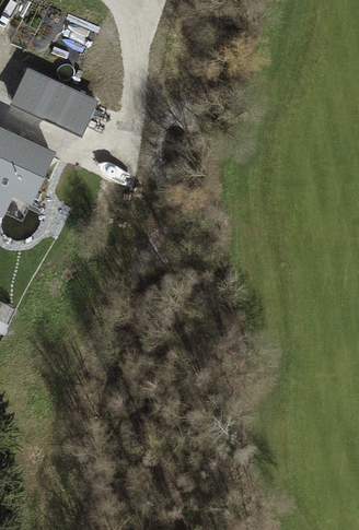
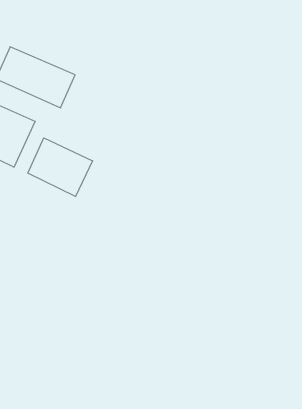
building: none -> [28,138,93,197]

